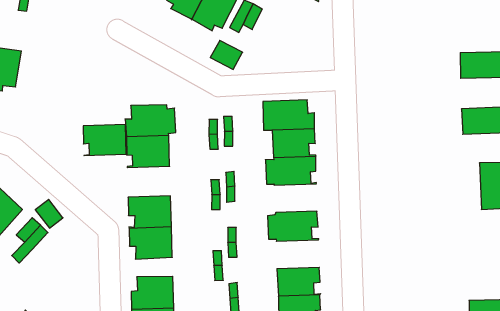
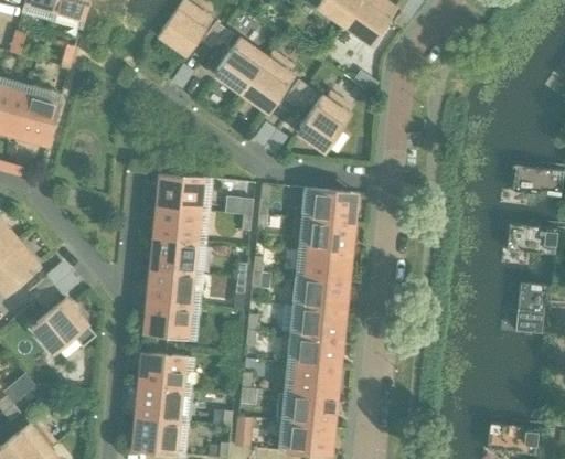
building: none -> [298,93,351,153]
building: [83,124,126,156] -> [150,238,198,274]
building: none -> [292,277,348,310]
building: none -> [33,299,87,357]
building: none -> [295,335,342,369]

